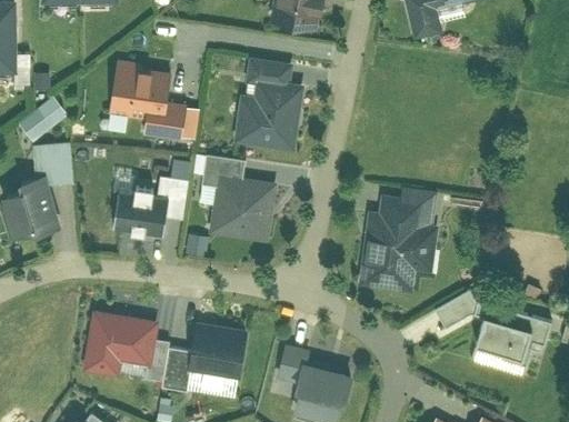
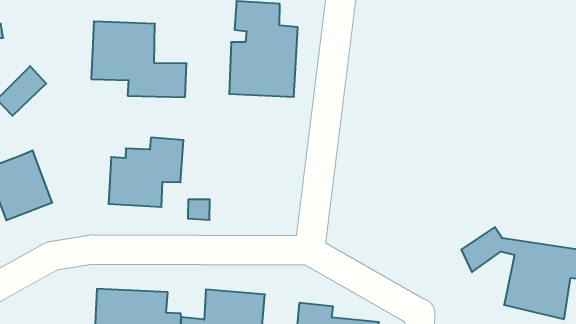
building: [33,143,72,185] -> none
building: [191,154,276,244] -> none
building: [359,190,438,294] -> none

